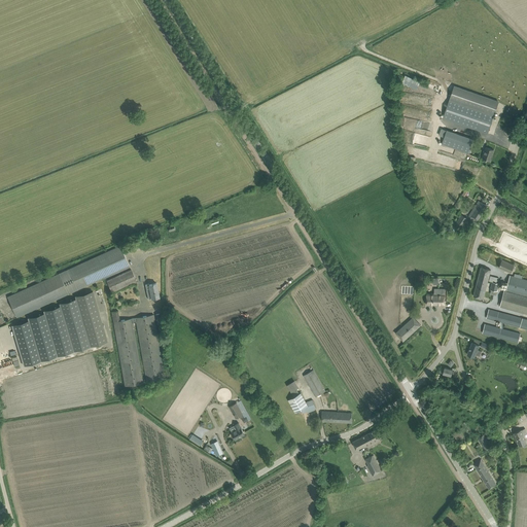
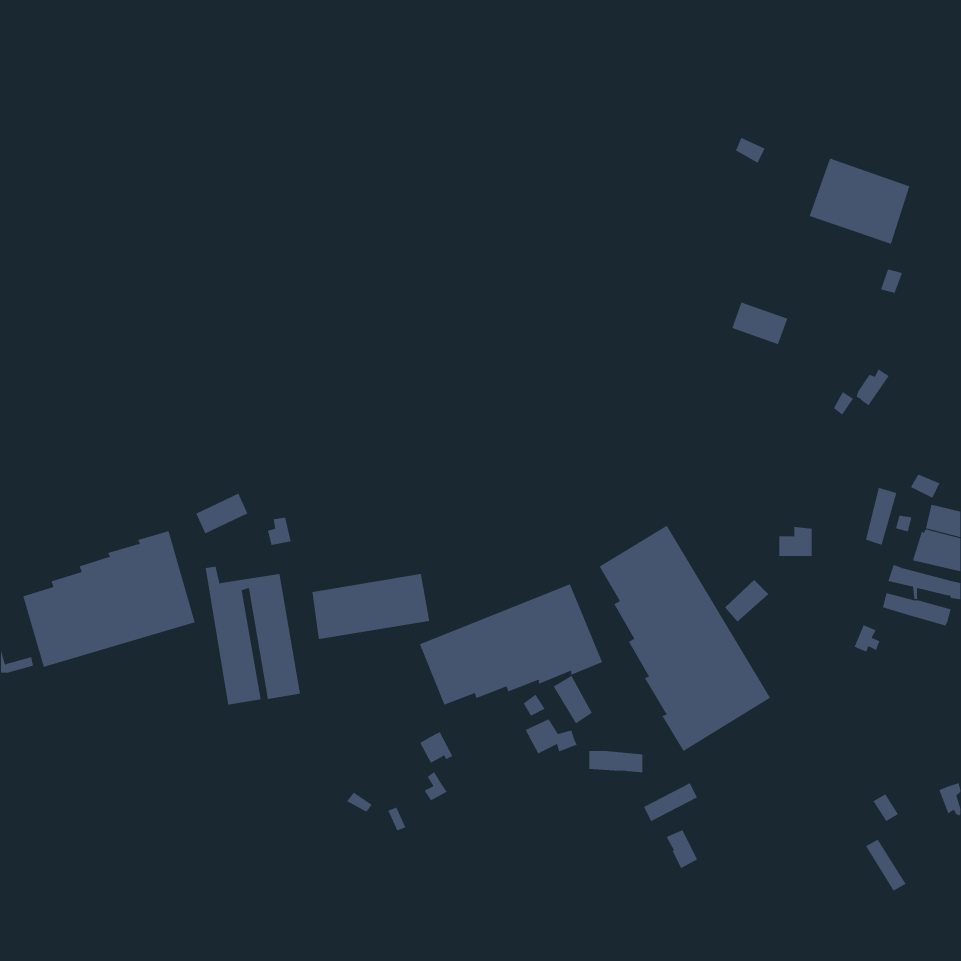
building: [442,130,472,153] -> [732,302,788,345]
building: [7,245,130,317] -> none
building: none -> [599,525,771,752]
building: none -> [312,573,430,640]
building: none -> [419,583,603,705]

